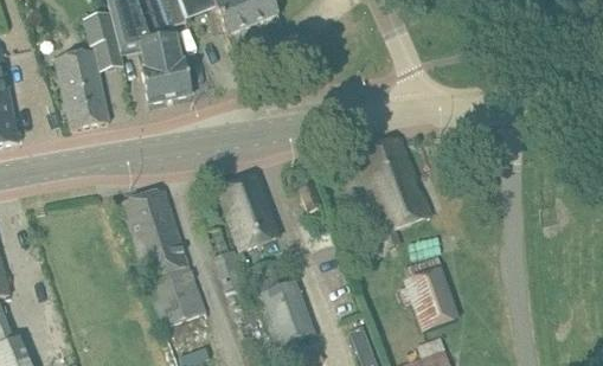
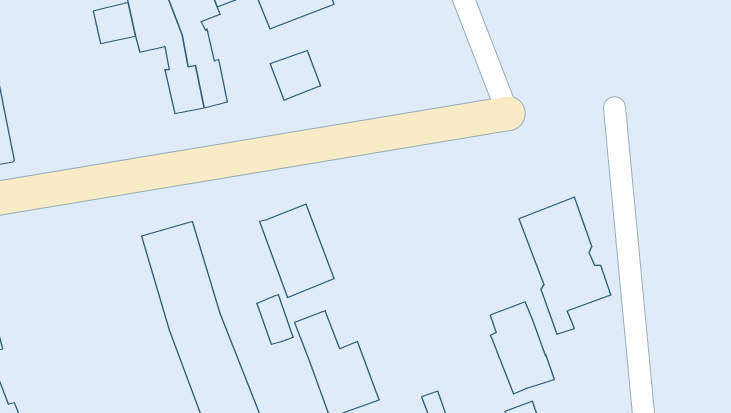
building: none -> [270,51,321,100]
building: [56,52,109,130] -> none
building: [355,136,430,248] -> [519,197,611,334]

